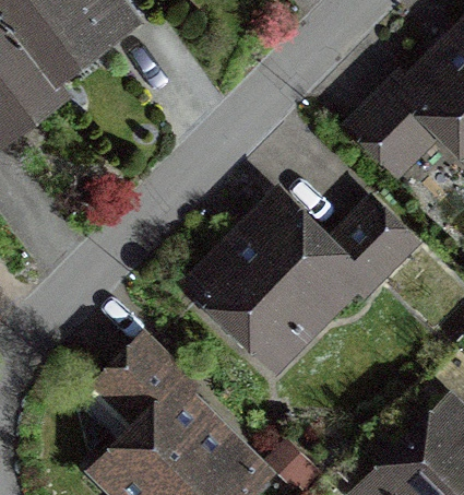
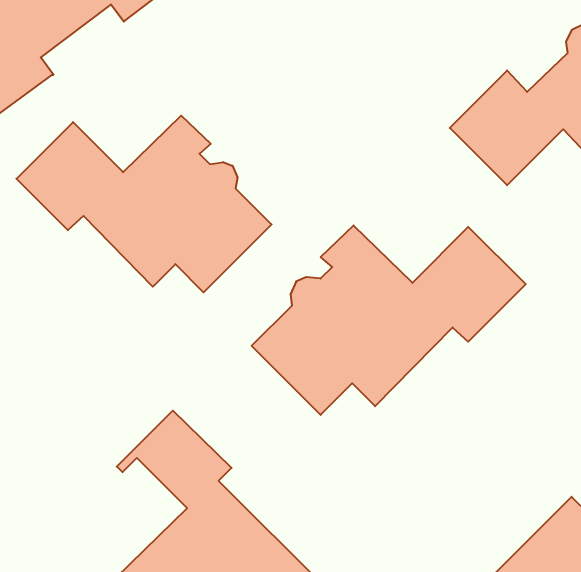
building: none -> [16,116,272,292]

